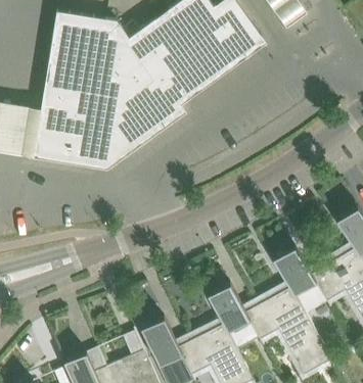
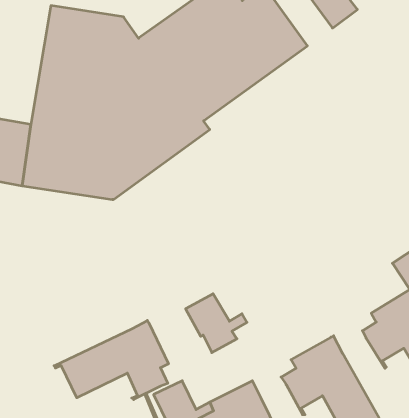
building: [272,247,322,295] -> none
building: none -> [54,320,168,400]
building: [207,284,257,332] -> [186,294,247,353]

